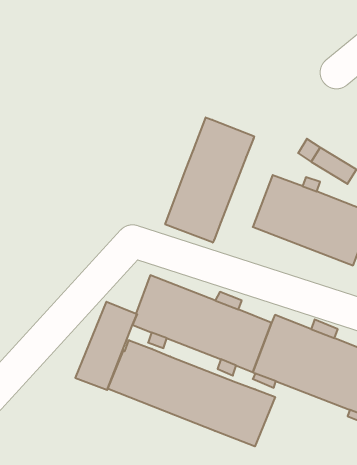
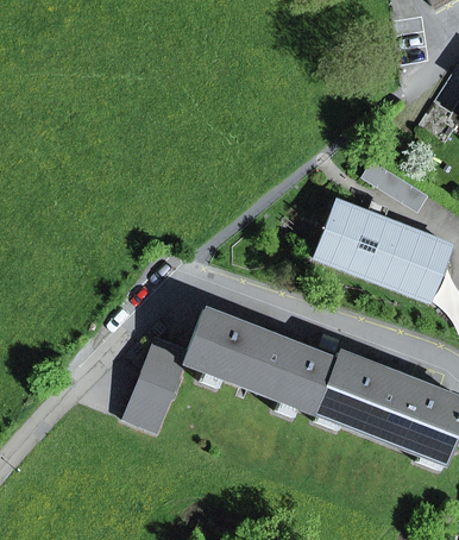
building: [165,117,254,243] -> none
building: [108,340,275,446] -> none

